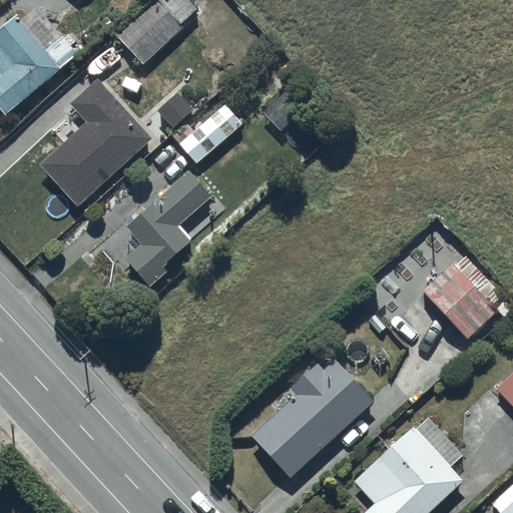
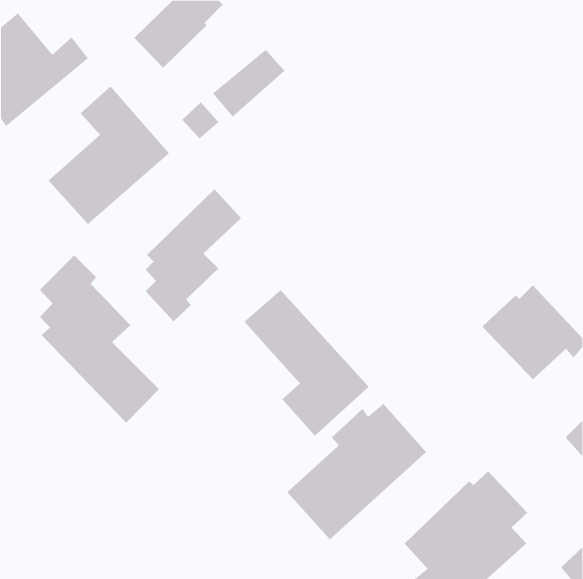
building: [179,104,243,164] -> [212,49,285,118]
building: none -> [39,254,160,423]
building: none -> [244,289,369,436]

